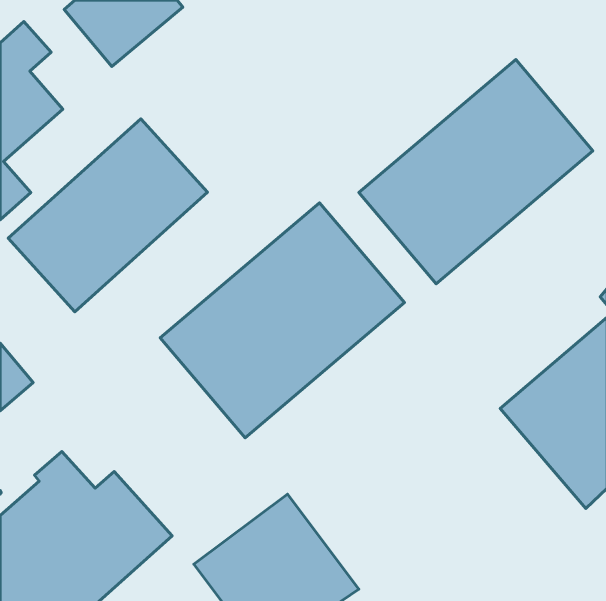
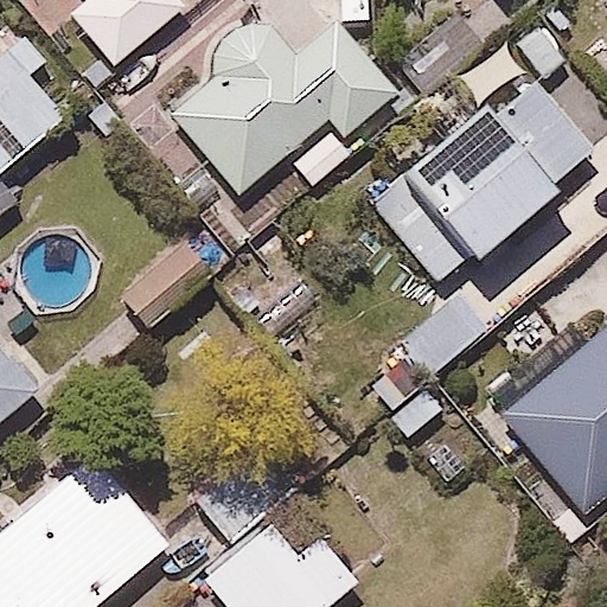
building: none -> [167,17,402,196]
building: [8,119,207,312] -> none
building: [160,203,405,438] -> none

